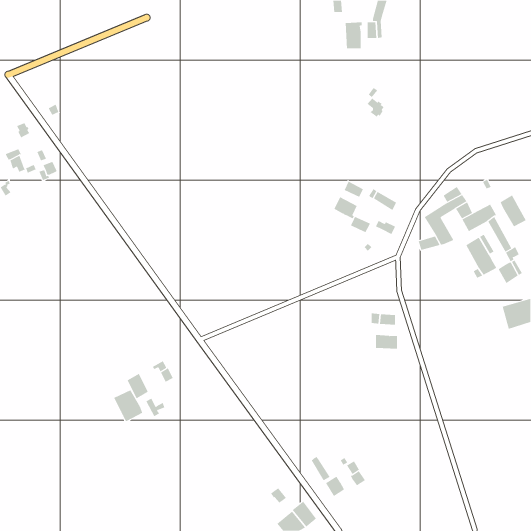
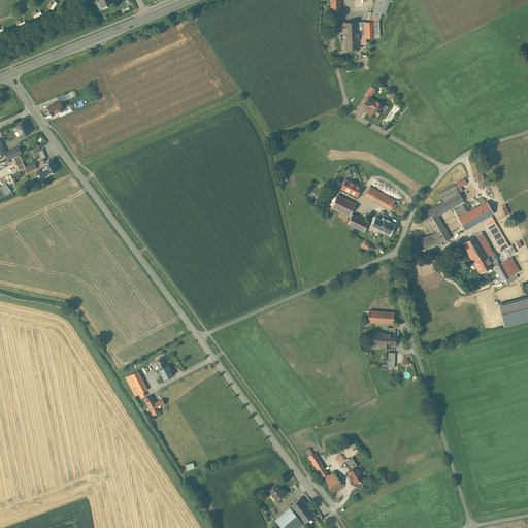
building: [500,195,526,227] -> none
building: [114,389,143,422] -> none

